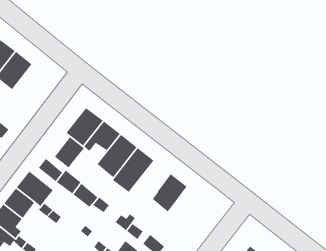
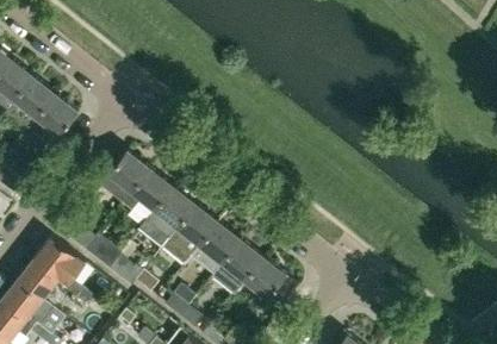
building: none -> [27,94,77,136]
building: [54,136,85,169] -> none
building: none -> [184,223,240,267]
building: none -> [244,257,298,309]

